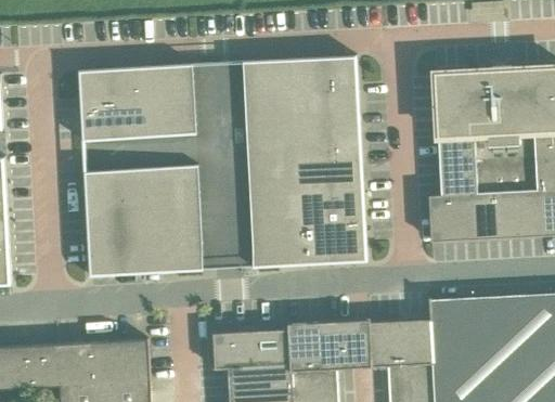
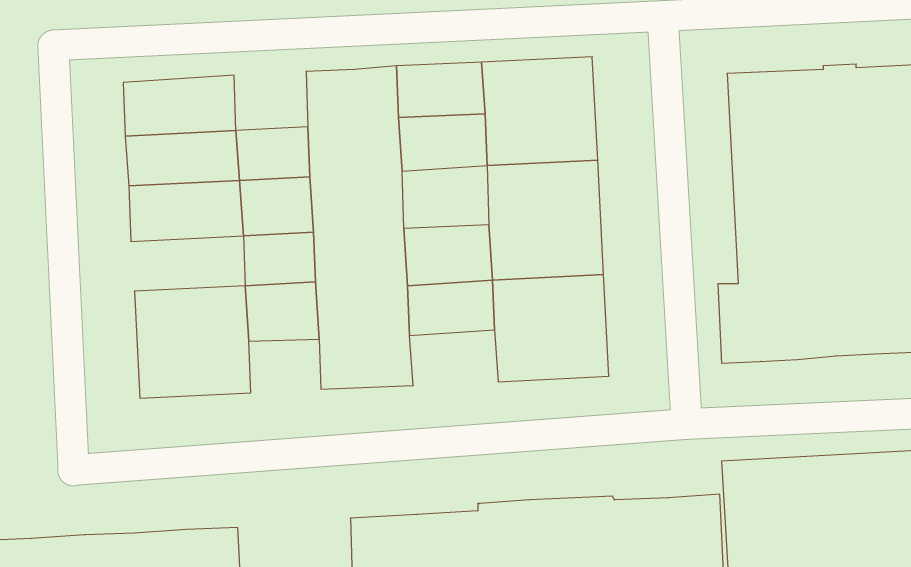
building: [145,72,189,106] -> none
building: [244,127,295,164] -> none
building: [85,168,152,200] -> none
building: [248,223,300,256] -> none
building: [154,229,196,260] -> none

